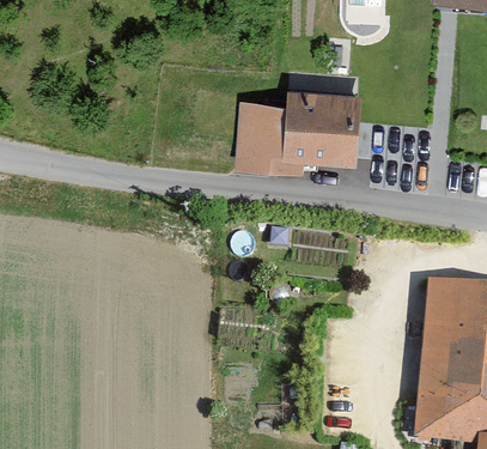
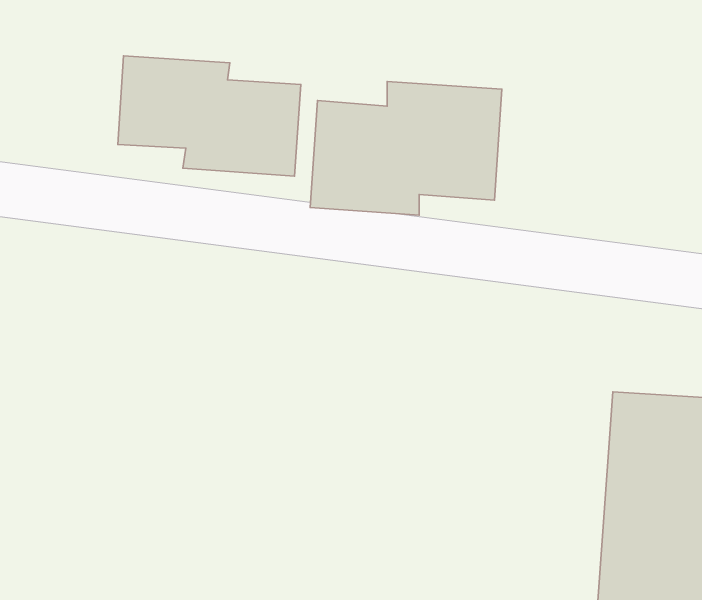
building: none -> [118,56,301,176]

